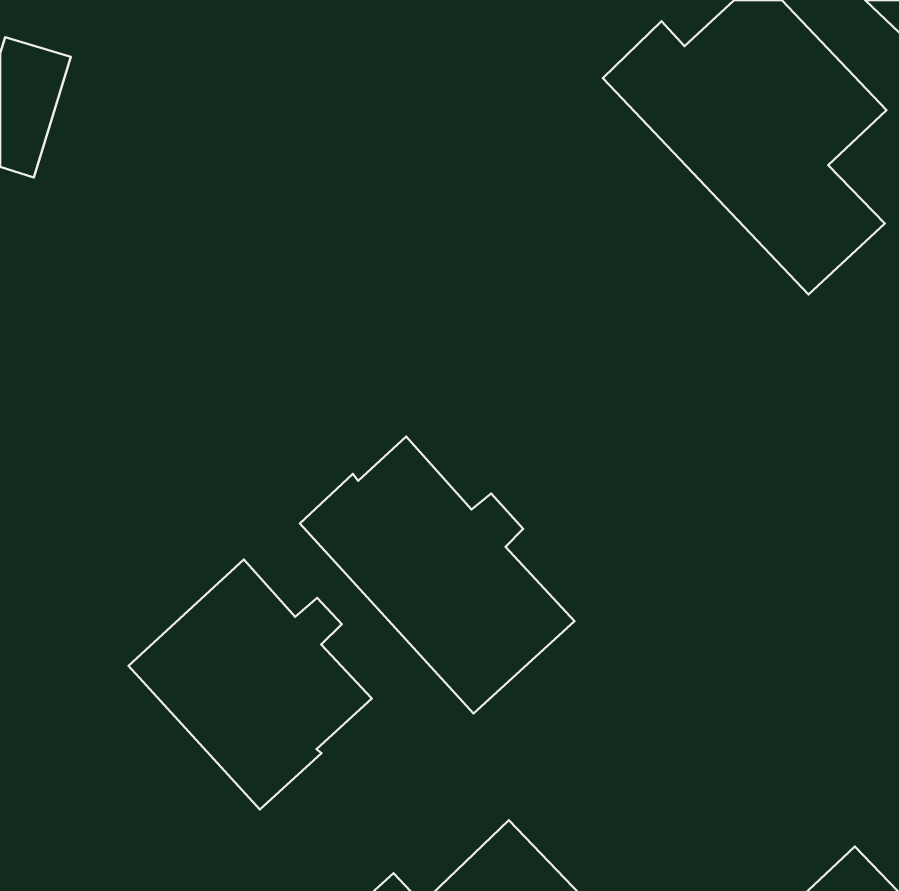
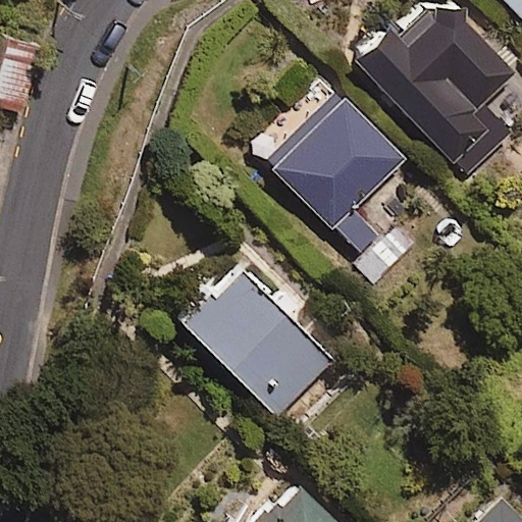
building: none -> [265,92,415,261]
building: [128,559,372,809] -> none

